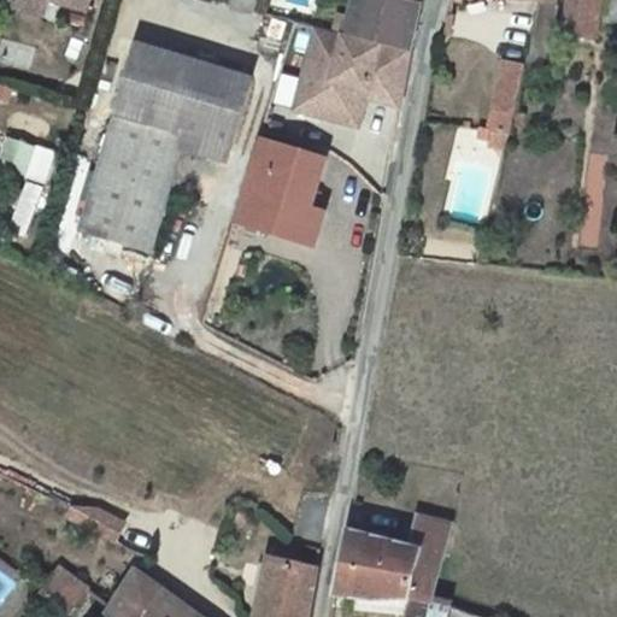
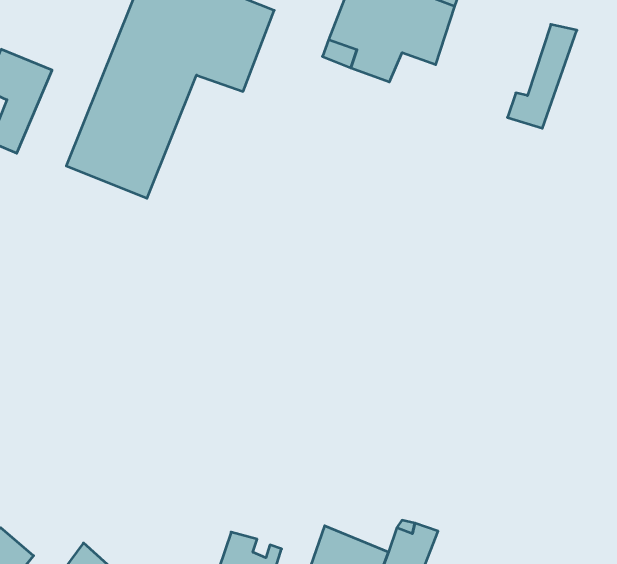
building: [241,136,325,235] -> none

